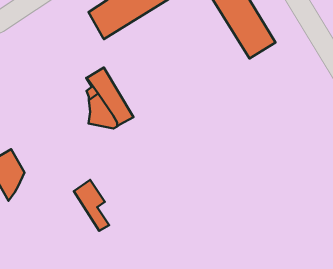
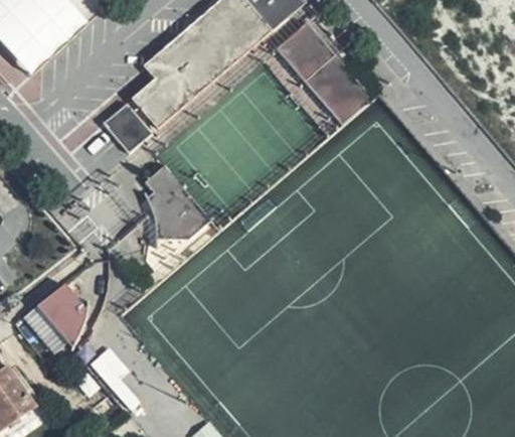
building: none -> [102,102,151,153]
building: [74,180,109,231] -> [89,347,139,409]

